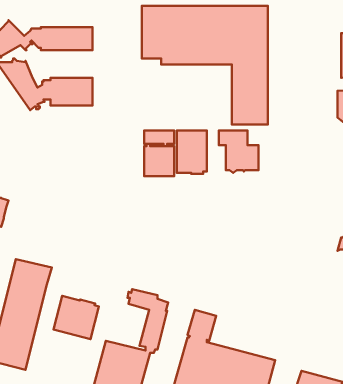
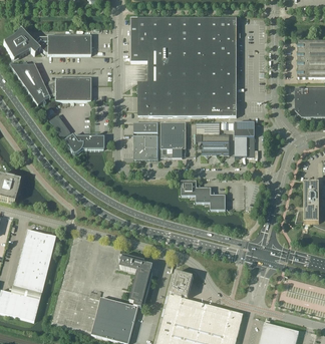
building: none -> [137,66,207,116]
building: none -> [49,114,103,154]
building: none -> [235,121,255,156]
building: none -> [182,181,225,209]
building: [54,296,99,339] -> none

